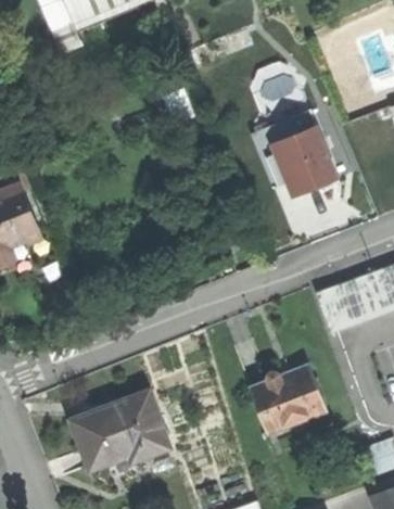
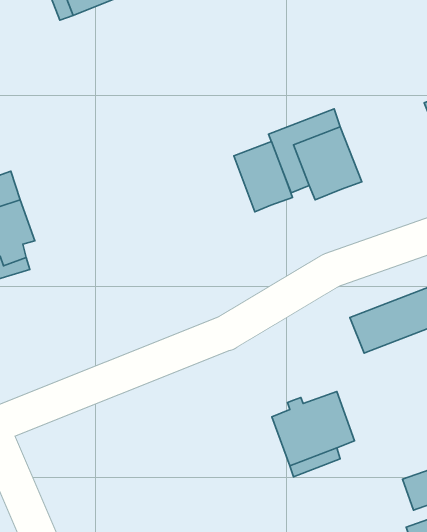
building: none -> [234,142,292,212]
building: [75,397,169,471] -> none

